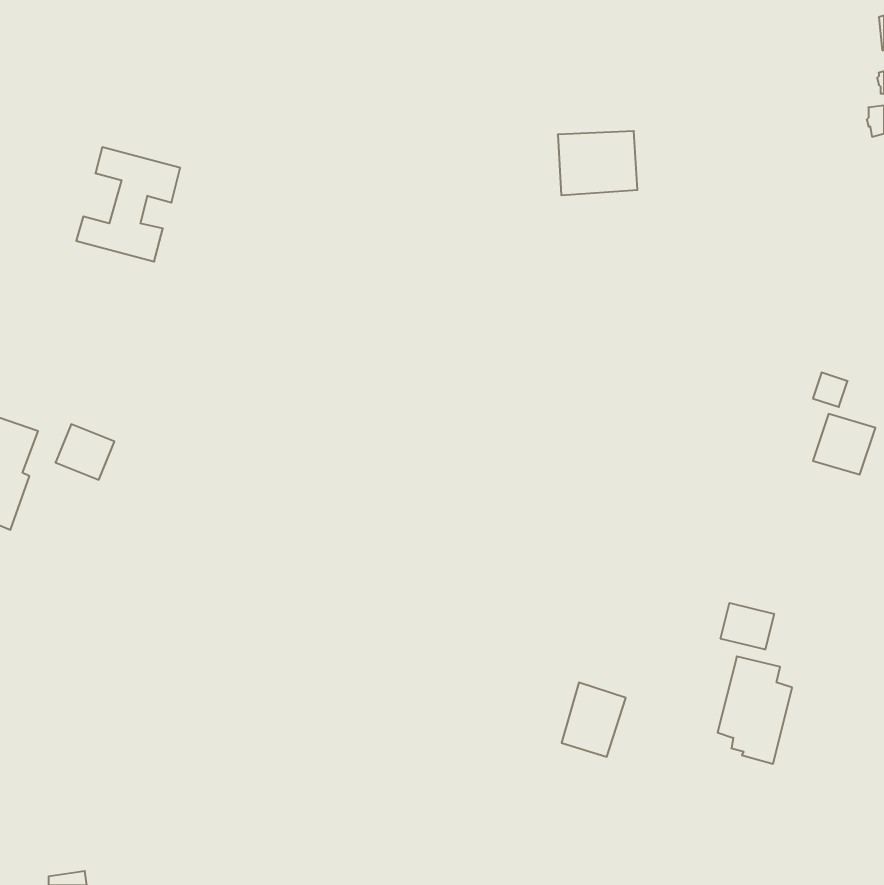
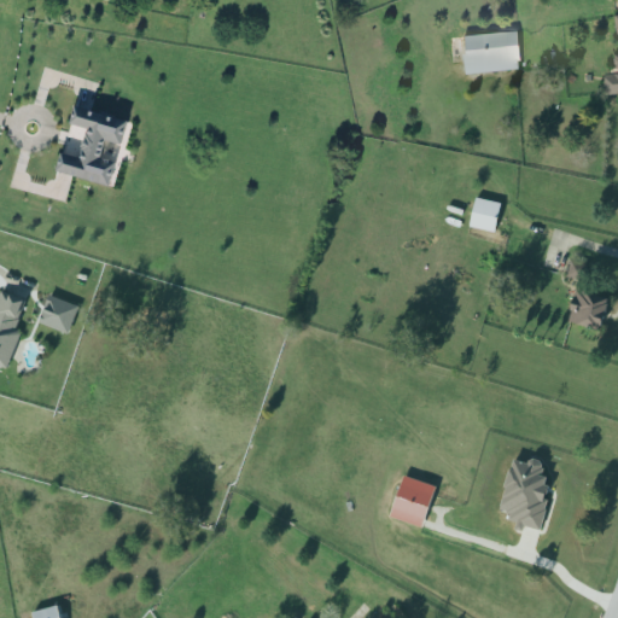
building: [558,131,637,195] -> [462,29,518,74]
building: none -> [470,198,501,233]
building: [721,603,774,650] -> none

